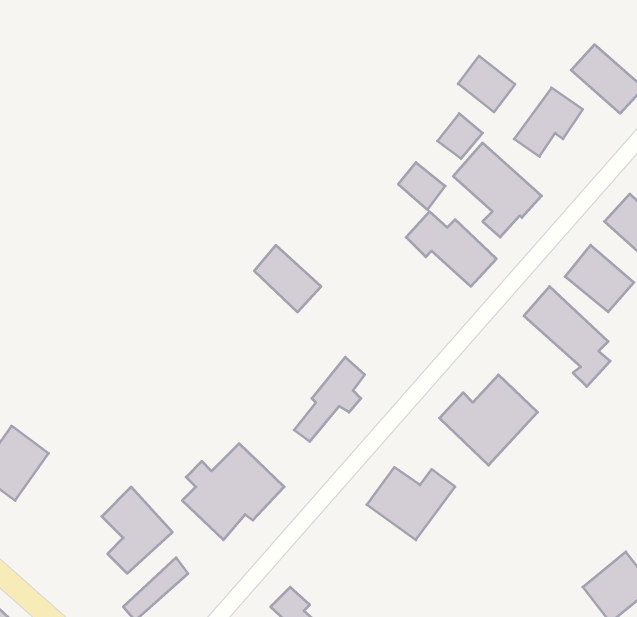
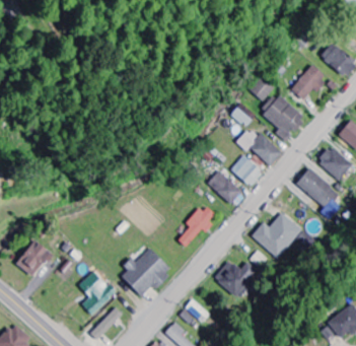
building: [458,56,515,112] -> none
building: [254,245,321,312] -> [207,169,241,204]
building: none -> [230,154,264,187]

